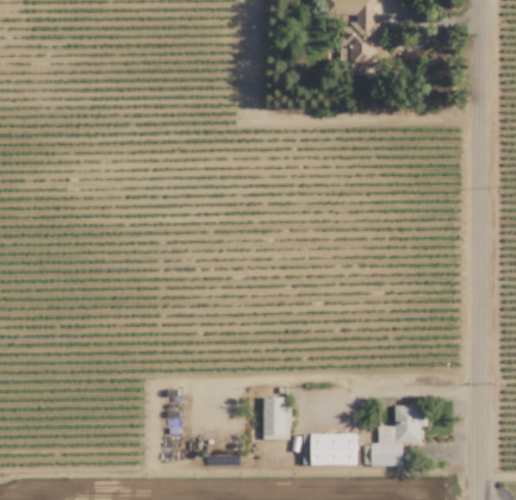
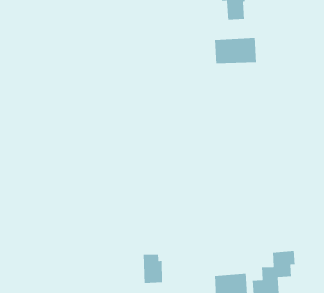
building: none -> [214,37,257,64]
building: [262,395,291,438] -> [143,254,163,284]

